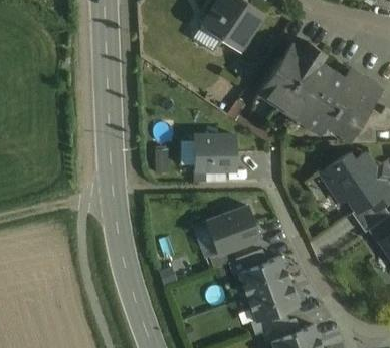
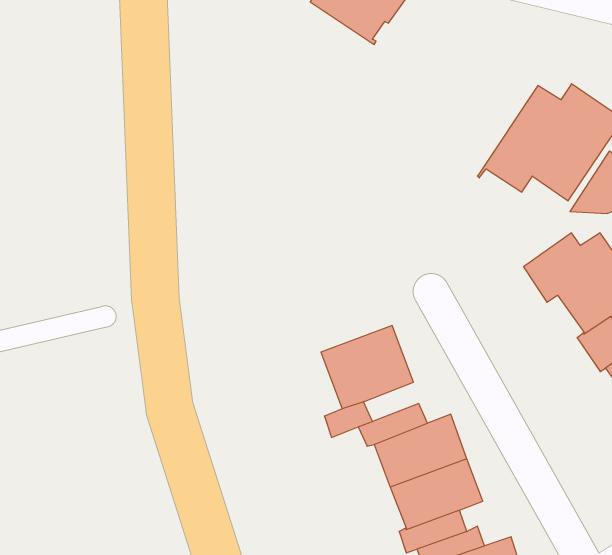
building: [255,43,330,122] -> none
building: [195,136,235,170] -> none

